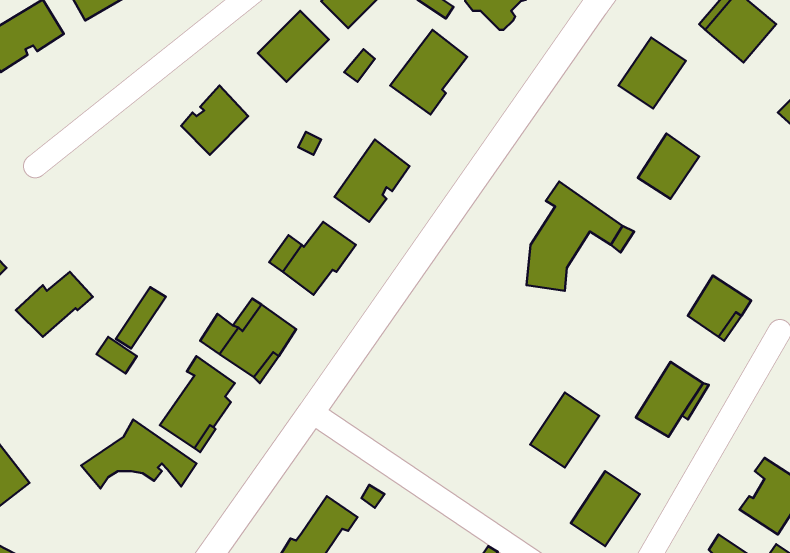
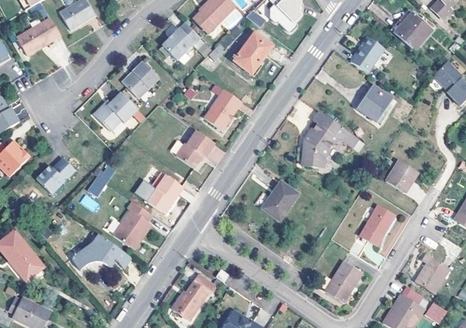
building: none -> [93,92,137,131]
building: [530,393,599,467] -> [262,182,298,221]

